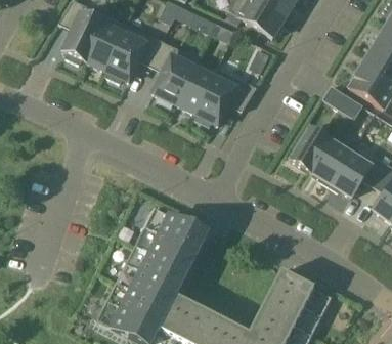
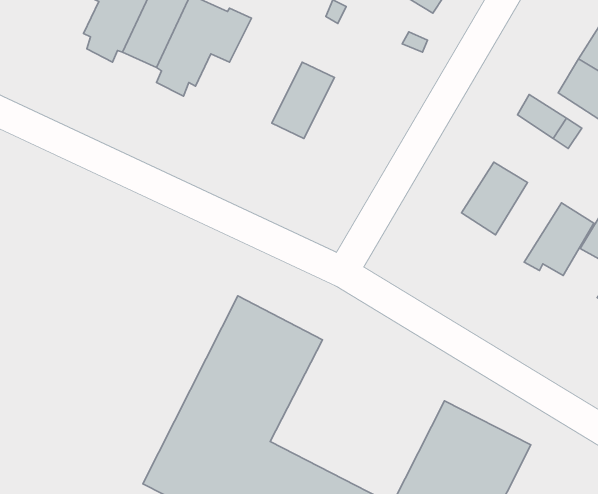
building: [149,39,197,102] -> none
building: [194,68,256,124] -> none
building: [310,138,350,186] -> none

